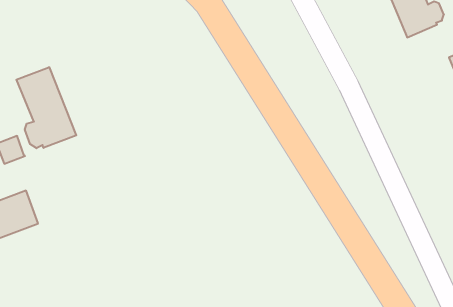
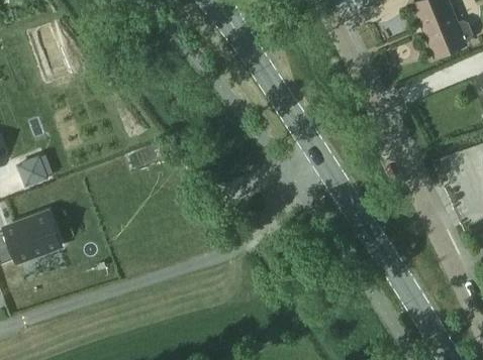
building: [16,67,76,148] -> none

